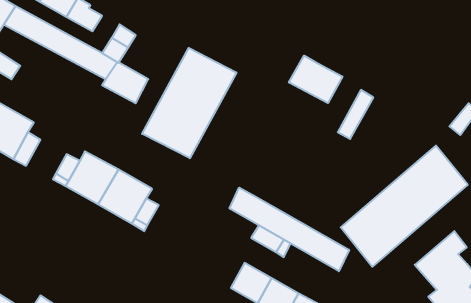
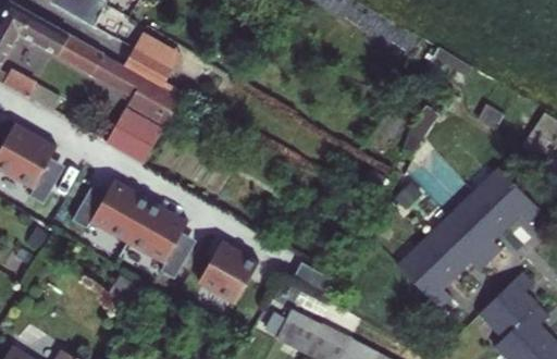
building: [142,48,236,158] -> none
building: [289,56,342,103] -> none
building: none -> [104,108,163,161]
building: [230,188,349,271] -> none
building: none -> [201,243,259,302]

